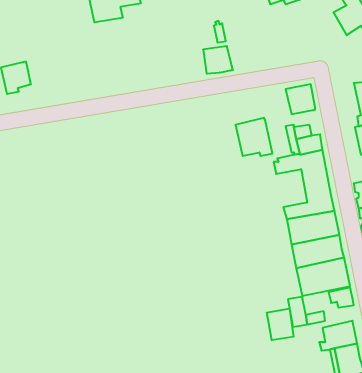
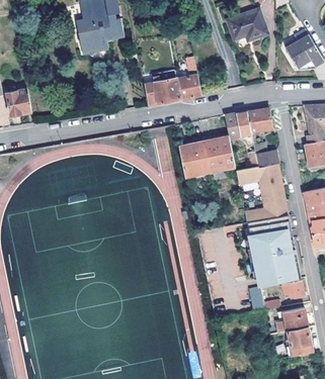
building: none -> [141,73,179,103]
building: none -> [224,111,251,137]
building: none -> [178,141,212,181]
building: [267,309,293,340] -> none

